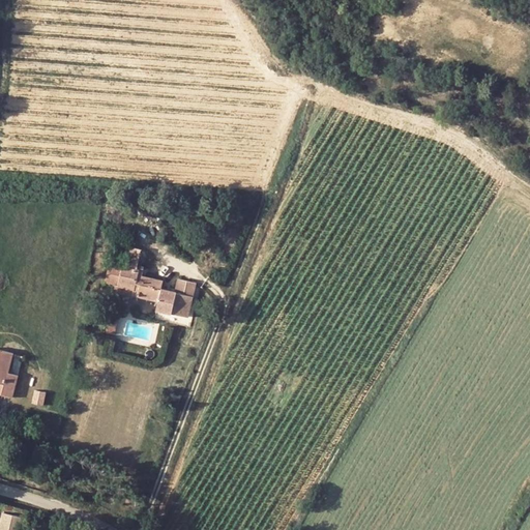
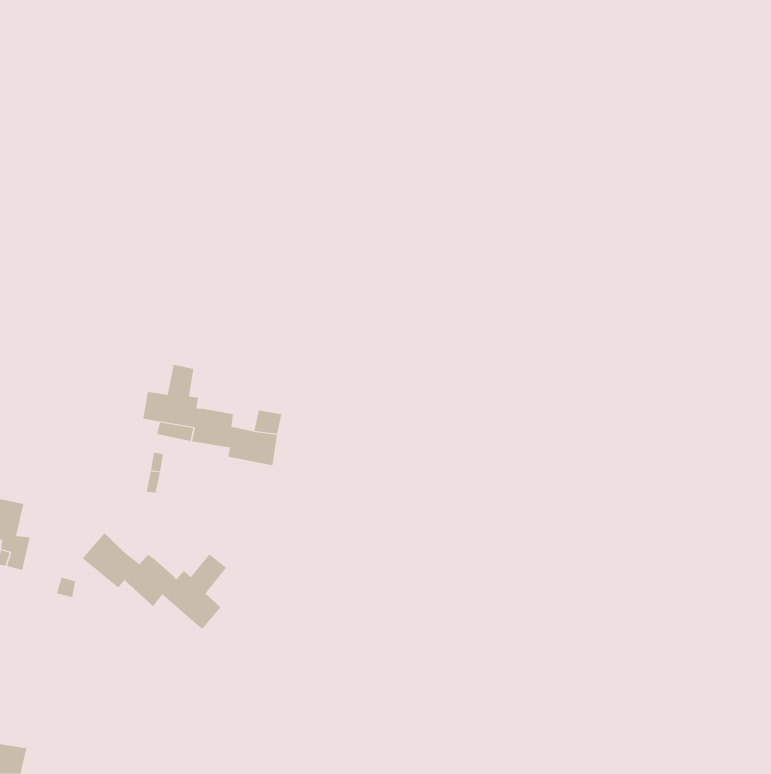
building: none -> [82,532,227,630]

